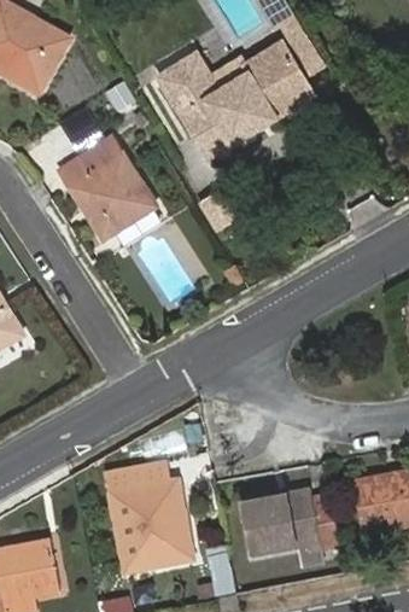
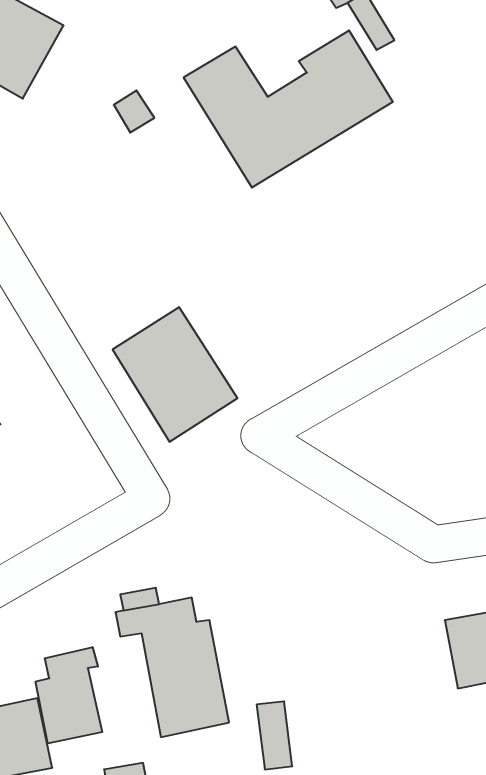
building: [62,138,154,238] -> [113,307,238,442]
building: [244,489,339,553] -> none
building: none -> [36,647,102,743]

